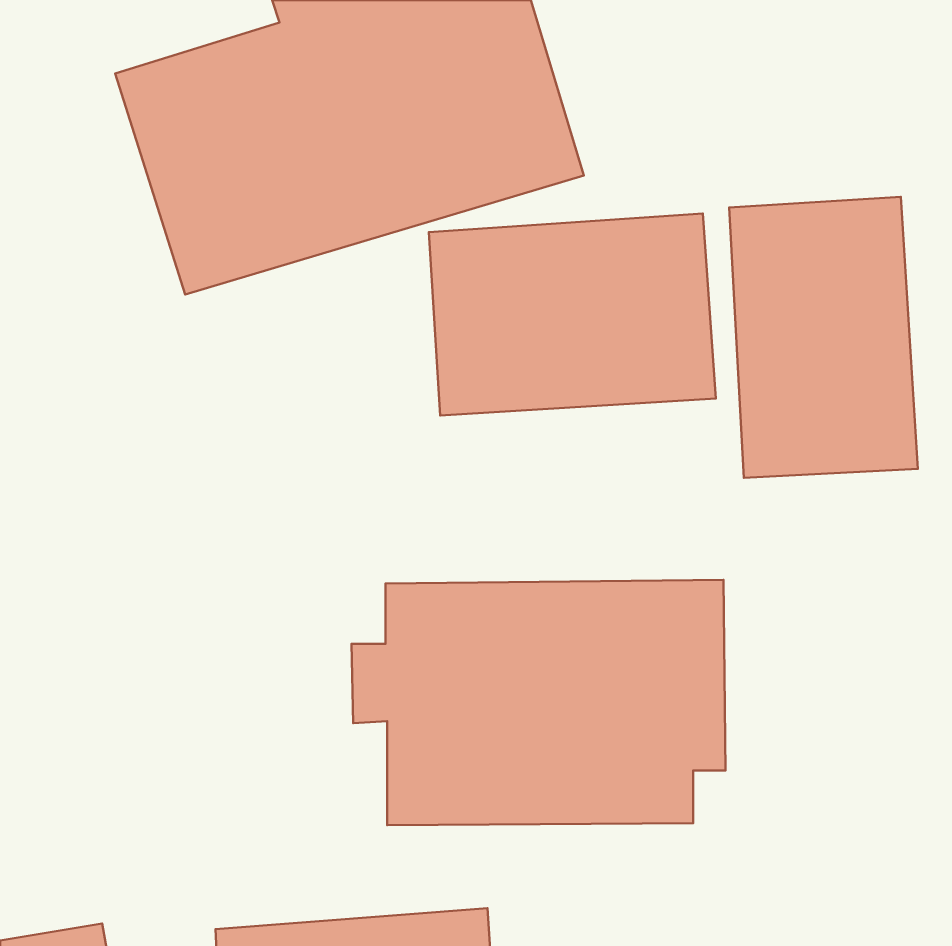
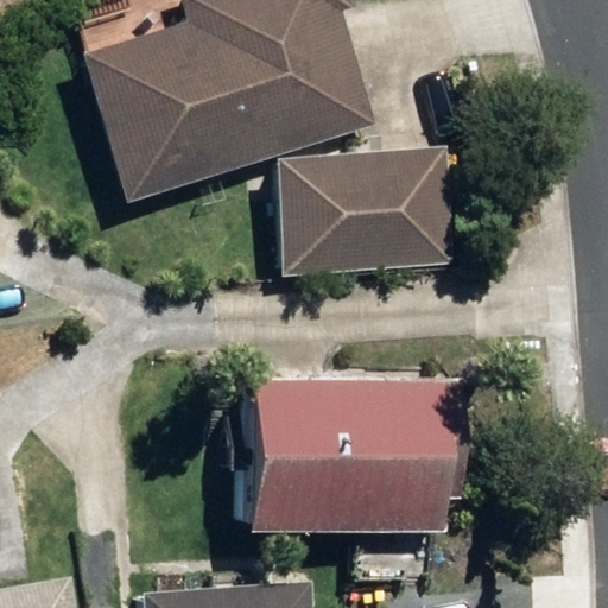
building: [729,197,918,478] -> none

